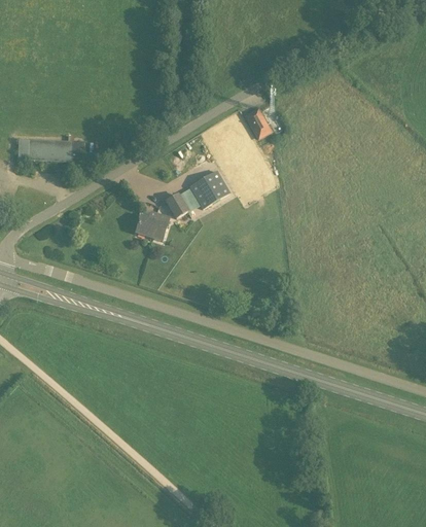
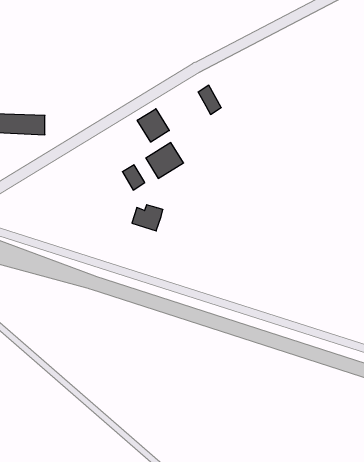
building: none -> [137,109,169,142]
building: [136,212,169,240] -> [132,205,163,231]

